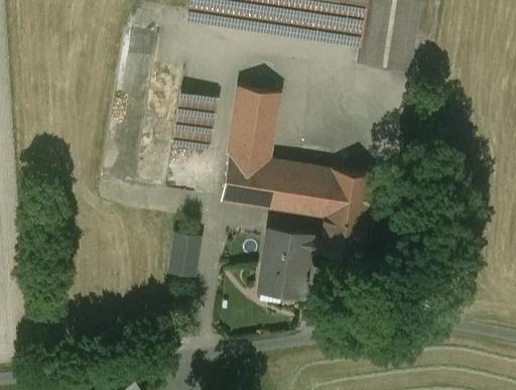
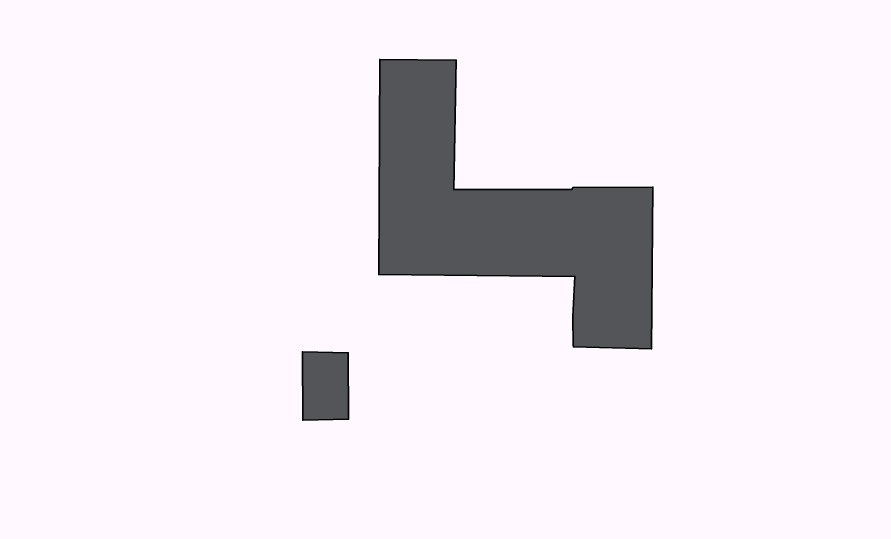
building: [260,229,321,296] -> none

